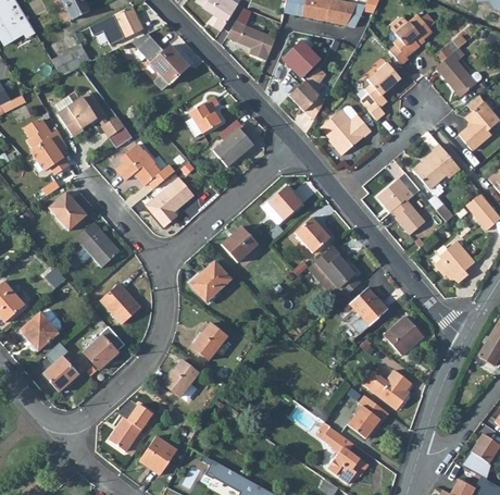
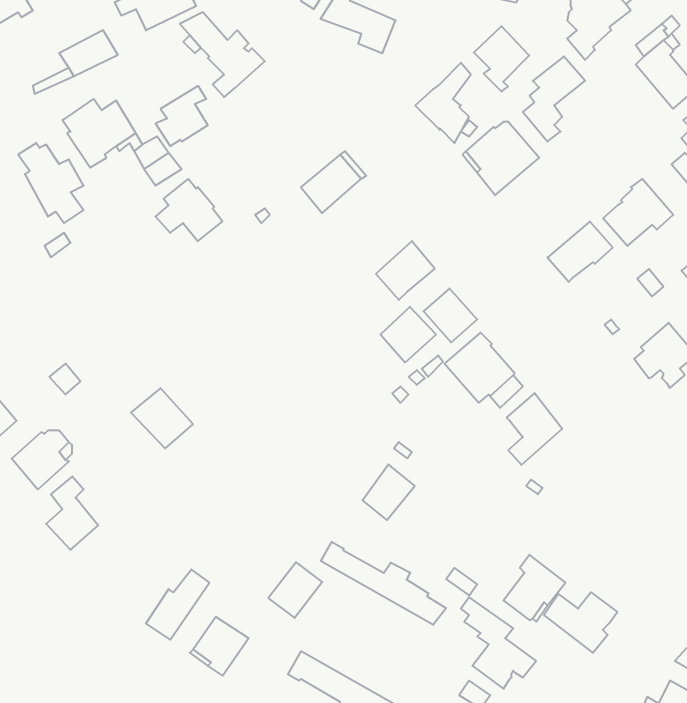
building: [282,40,318,84] -> [474,26,529,92]
building: [185,96,220,136] -> [156,86,208,146]
building: [146,177,193,225] -> none
building: [48,191,85,230] -> none
building: [392,199,425,234] -> none
building: [71,222,118,267] -> none
building: [221,225,258,262] -> [381,307,436,362]
building: [190,260,230,301] -> none
building: [383,315,423,355] -> none
building: [191,322,226,359] -> [362,464,415,520]
building: [84,326,125,368] -> none
building: [162,359,198,396] -> [268,562,322,618]
building: [362,369,411,409] -> [544,592,617,653]
building: none -> [321,542,446,625]

